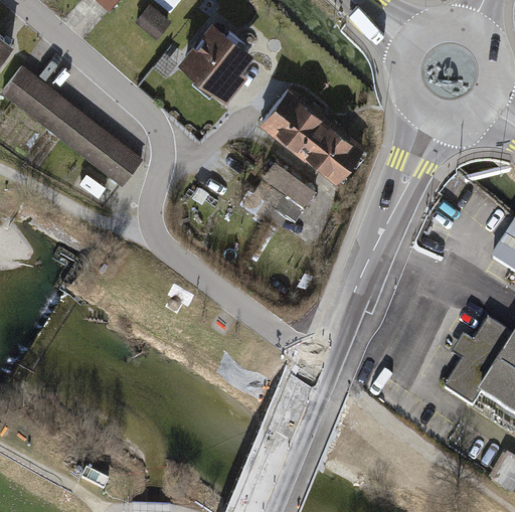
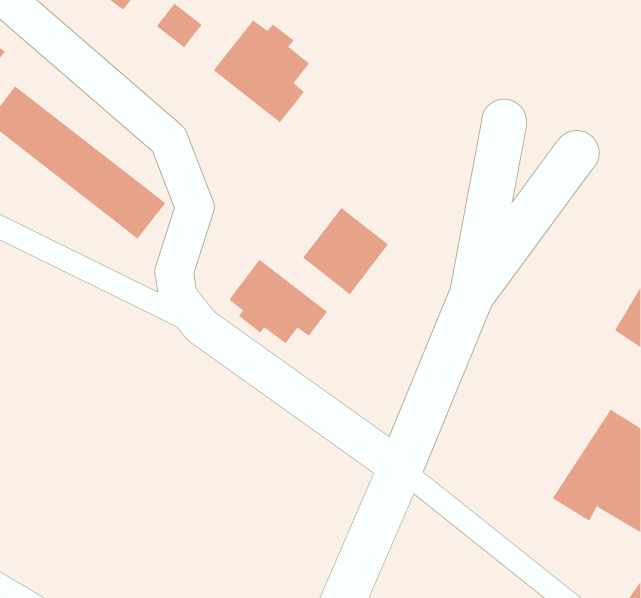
building: [262,89,365,182] -> none
building: none -> [229,259,328,344]

